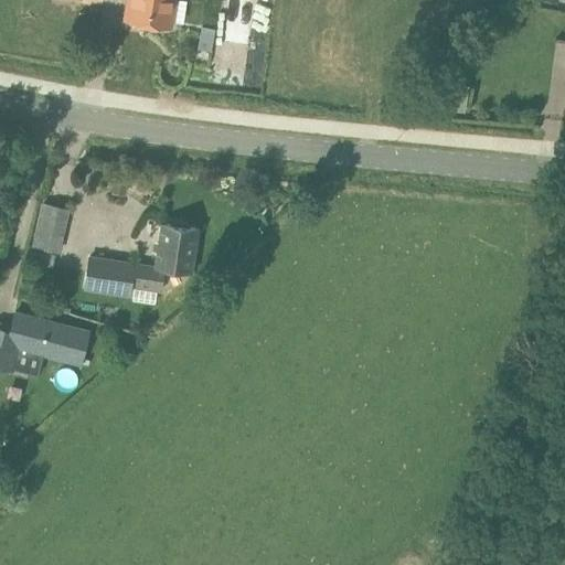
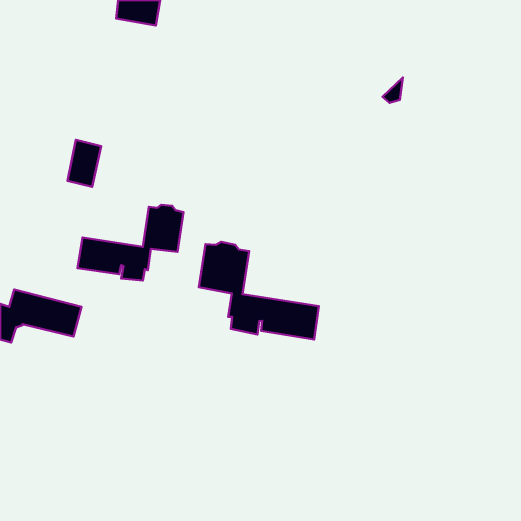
building: [33,203,70,254] -> [68,140,101,187]
building: none -> [199,242,319,339]

